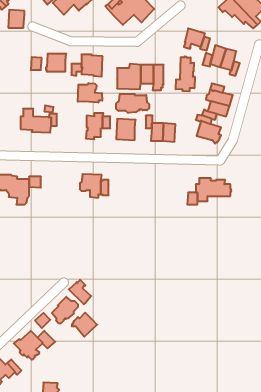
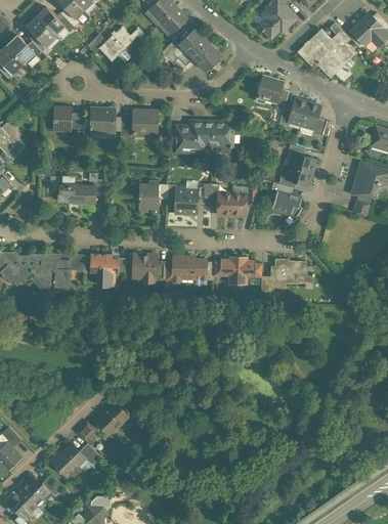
building: [8,10,24,28] -> [52,107,72,129]
building: [176,56,195,91] -> none
building: [78,83,102,103] -> none
building: [116,94,149,113] -> none
building: none -> [89,253,118,287]
building: none -> [171,255,207,281]
building: none -> [219,255,255,283]
building: [69,280,91,304] -> none
building: [72,313,97,337] -> none

